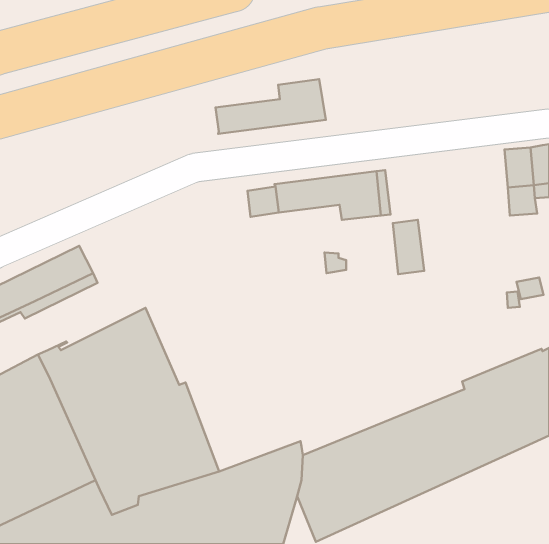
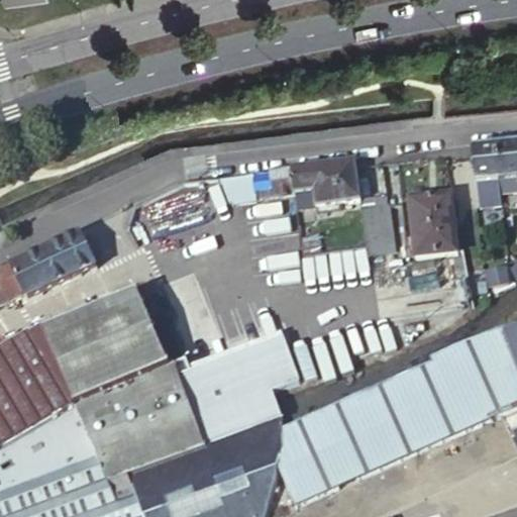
building: [216,79,326,134] -> none
building: none -> [408,193,456,257]
building: none -> [173,330,297,439]

